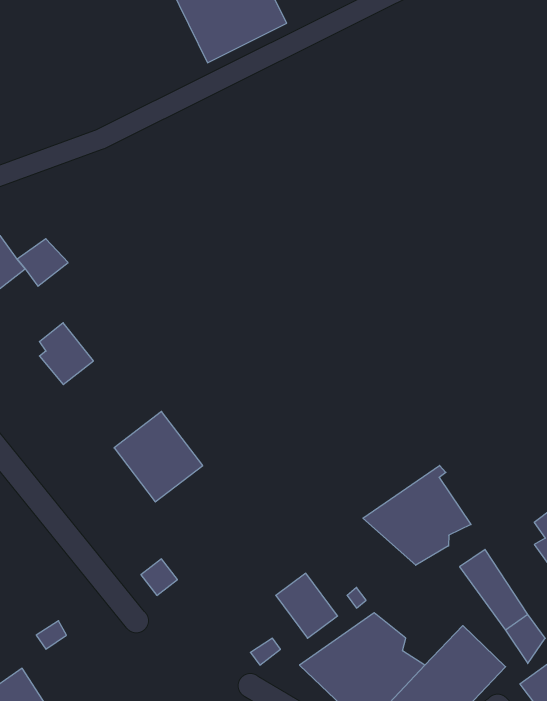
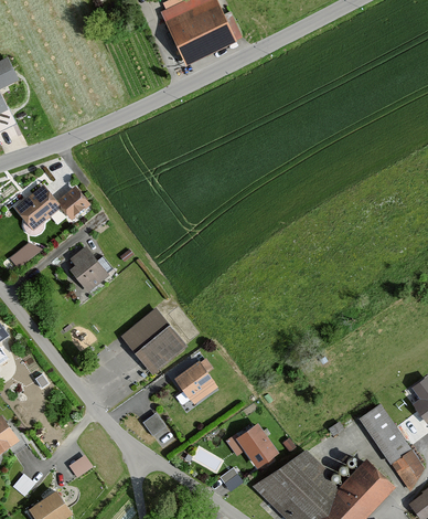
building: [363,465,471,565] -> none
building: none -> [173,358,218,407]

